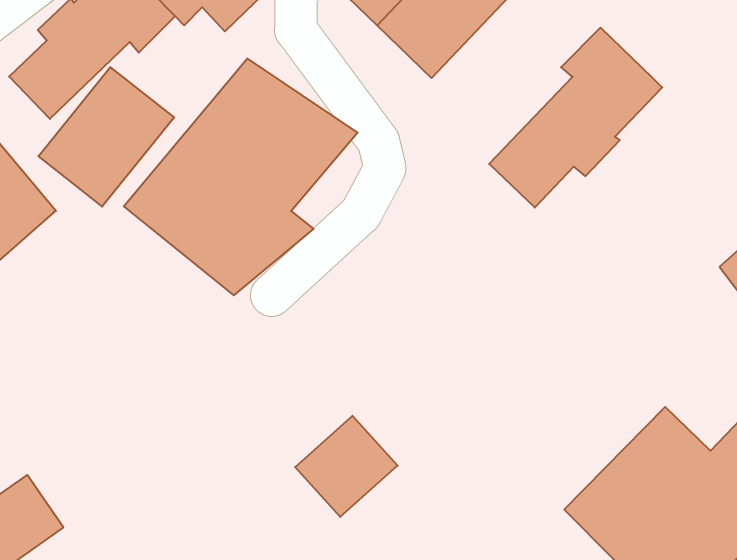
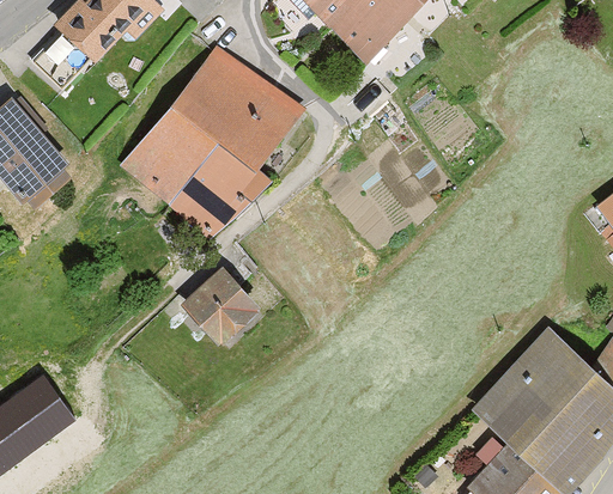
building: [489,28,662,208] -> none
building: [38,67,174,207] -> none
building: [295,416,398,517] -> [175,269,256,349]

